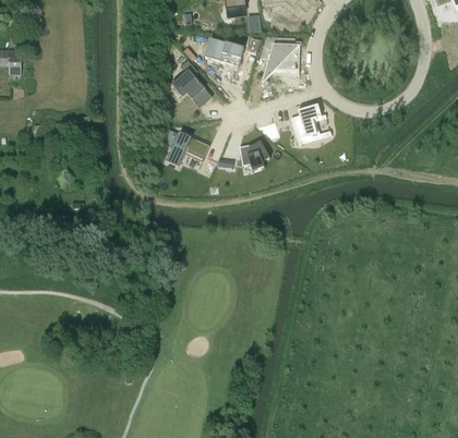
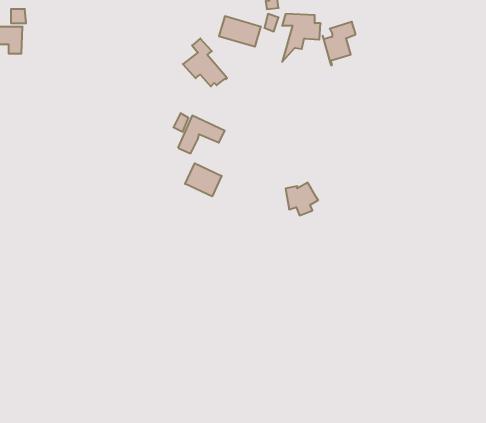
building: [291,104,322,144] -> [323,22,355,65]
building: [240,141,270,171] -> [286,183,318,215]
building: none -> [185,163,222,196]

